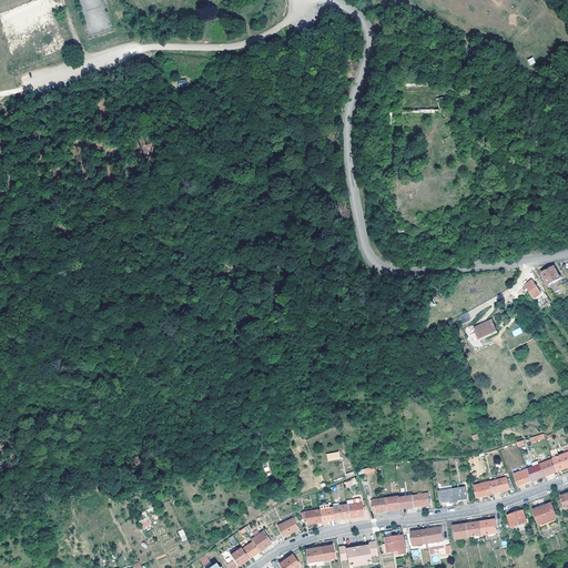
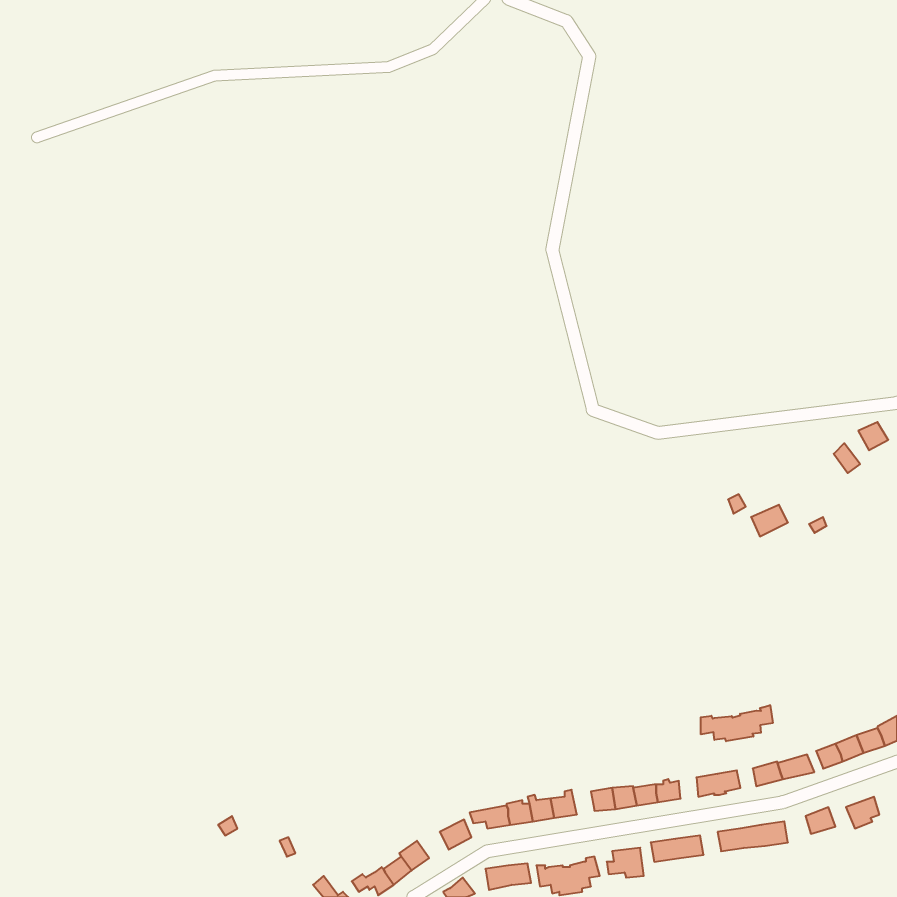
building: none -> [701,705,773,741]

